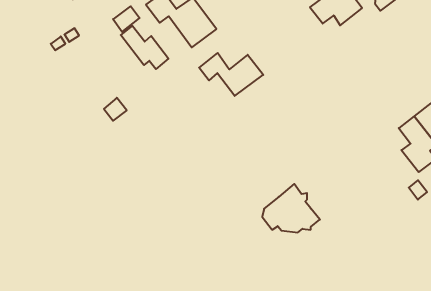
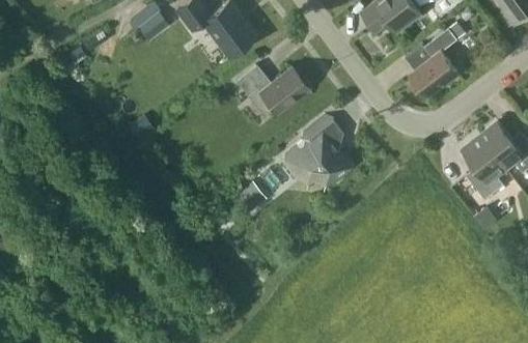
building: none -> [409,22,466,97]
building: [121,26,168,69] -> none
building: [262,184,320,232] -> [284,126,350,181]

